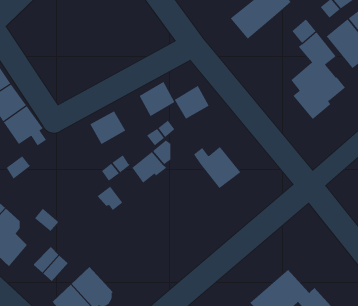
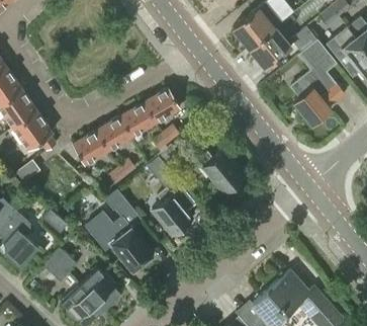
building: none -> [250,26,292,69]
building: [174,85,210,120] -> [121,102,156,136]
building: none -> [73,130,108,164]
building: none -> [151,187,191,235]
building: none -> [93,218,153,270]

